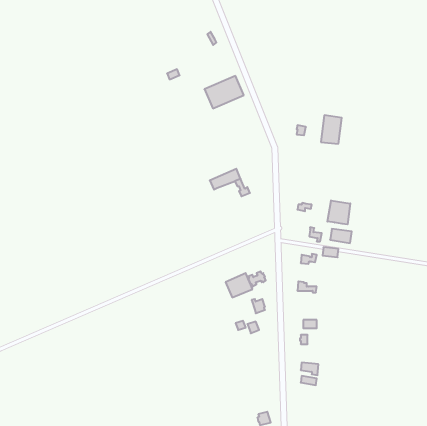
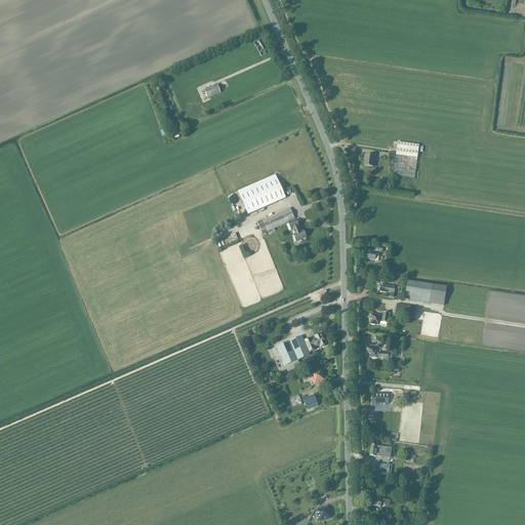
building: [204,76,244,108] -> [238,174,286,214]
building: [327,200,350,224] -> none

